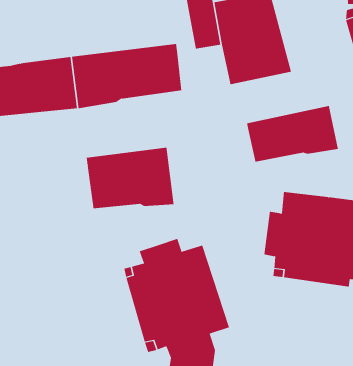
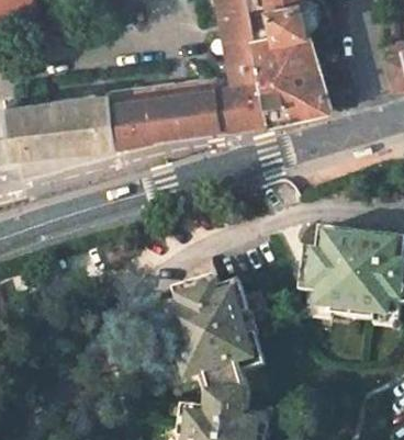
building: none -> [213,81,266,127]
building: [246,105,339,162] -> none
building: [86,147,174,209] -> none

